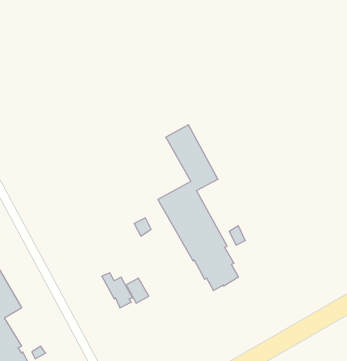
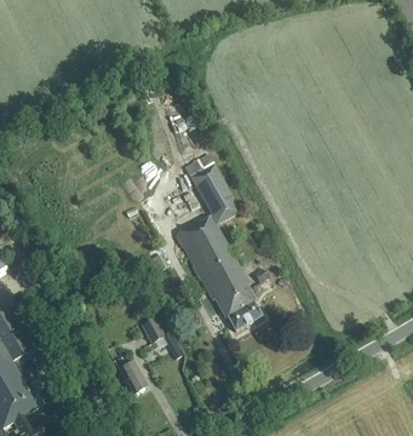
building: [102,273,132,308] -> [113,356,145,394]

